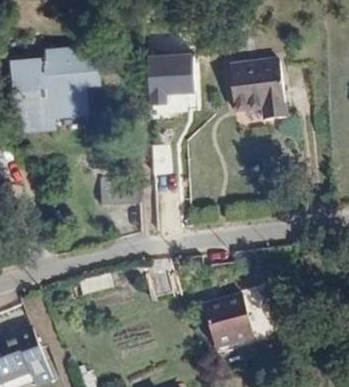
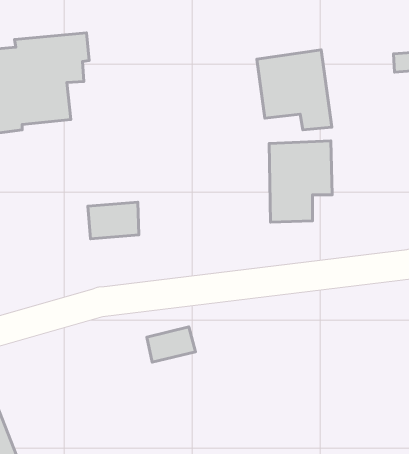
building: [150,50,198,112] -> [269,141,332,222]
building: [203,295,253,349] -> none

